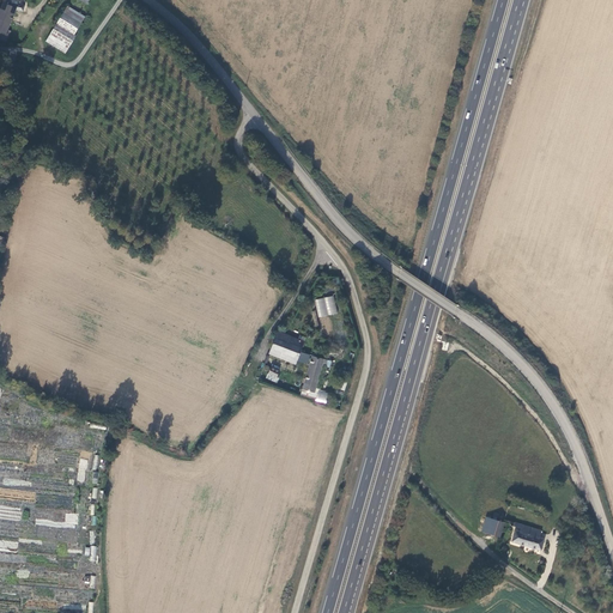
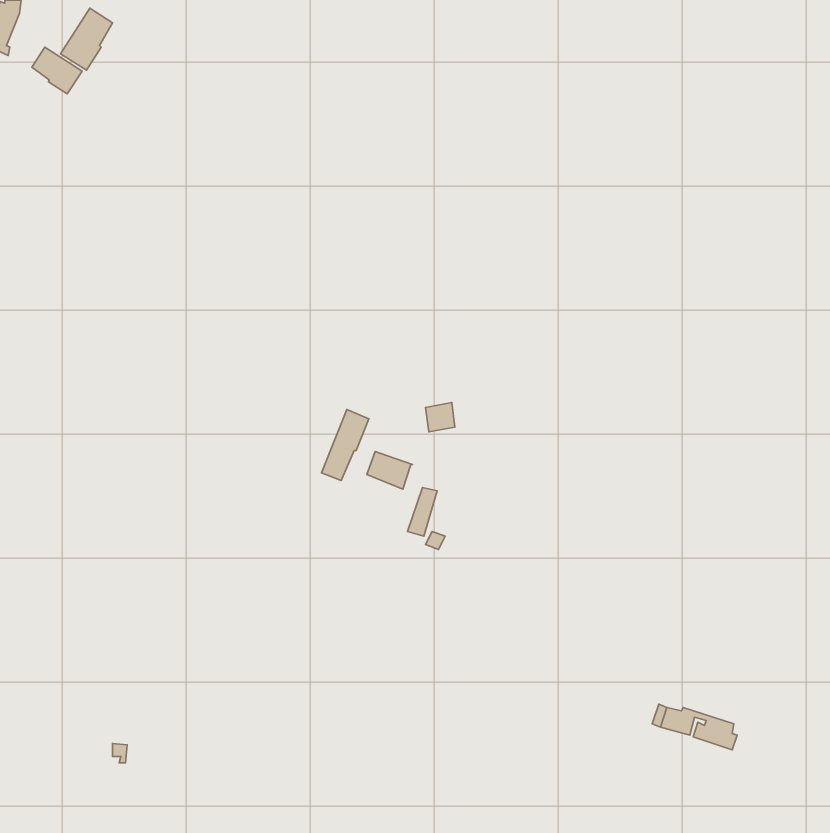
building: none -> [32,47,82,94]
building: none -> [321,410,369,481]

